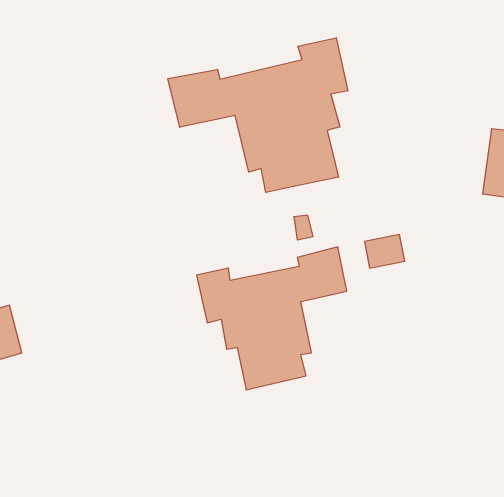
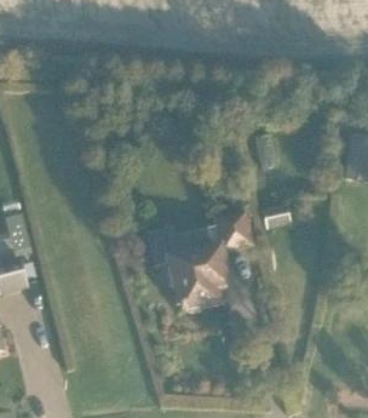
building: [168,38,348,192] -> none

